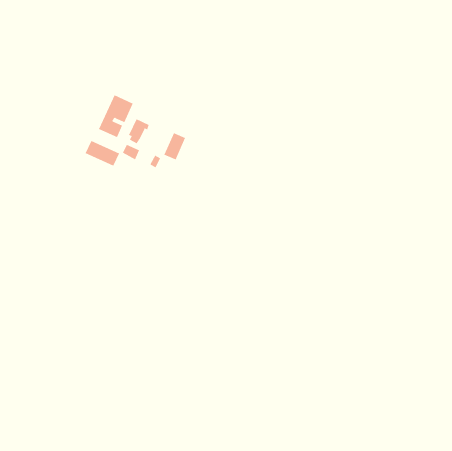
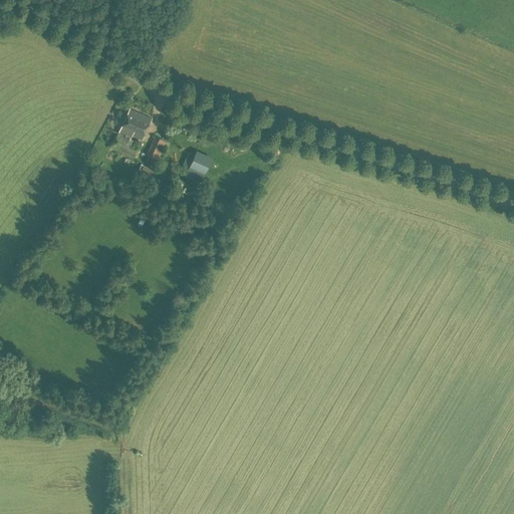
building: [85,140,120,167] -> none

